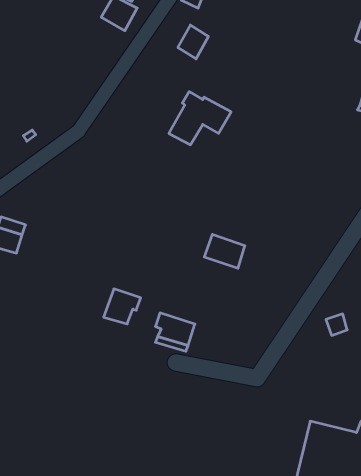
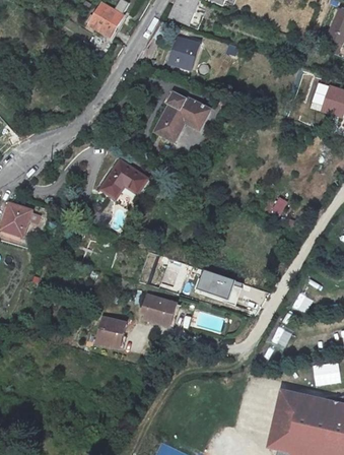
building: none -> [102,156,151,196]
building: [204,234,245,268] -> [198,270,234,301]
building: [104,289,141,324] -> [100,316,134,347]

